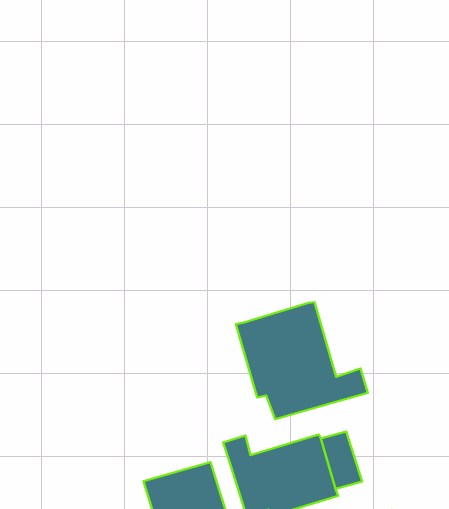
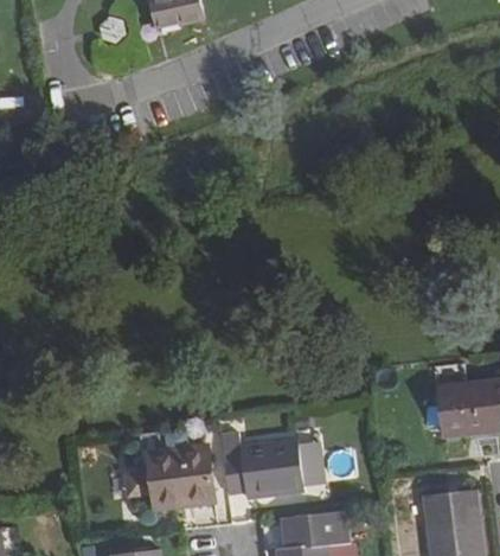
building: [236,302,368,419] -> none

